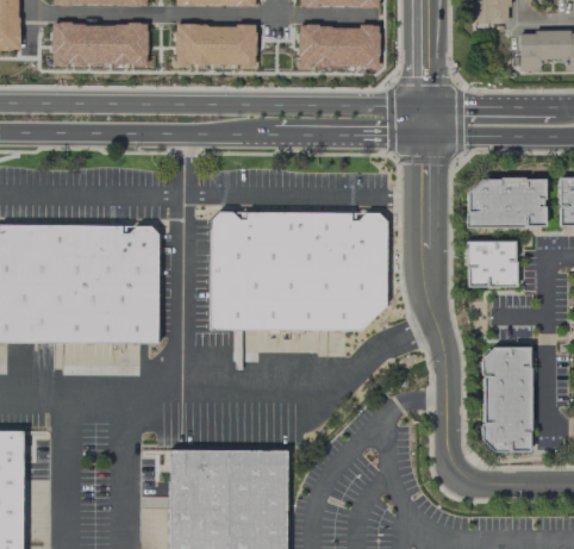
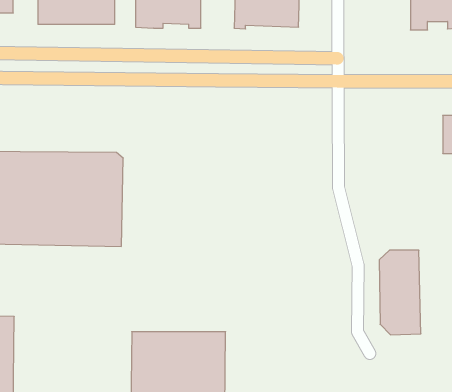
building: [469,180,545,225] -> none
building: [211,212,387,331] -> none
building: [468,242,518,287] -> none

